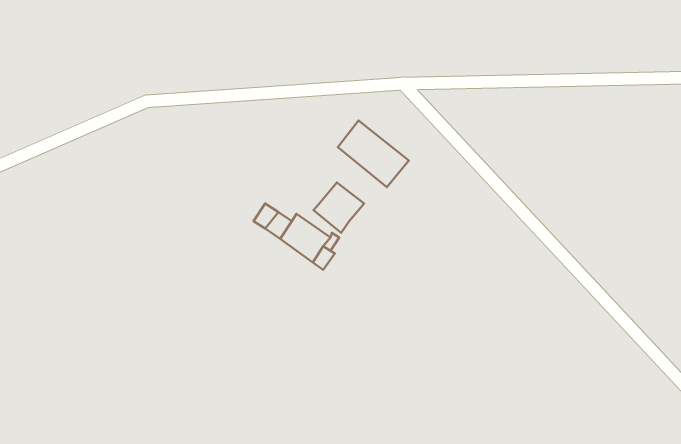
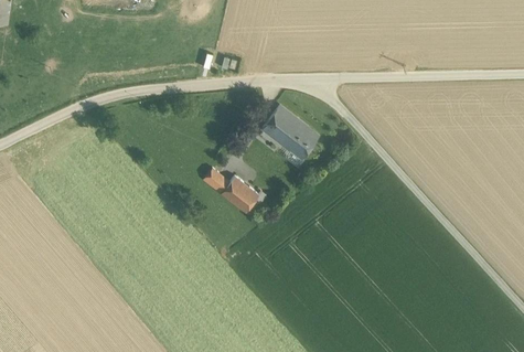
building: [313,183,364,233] -> none

